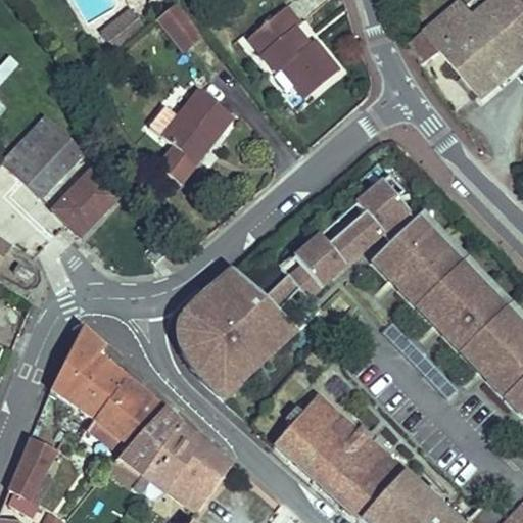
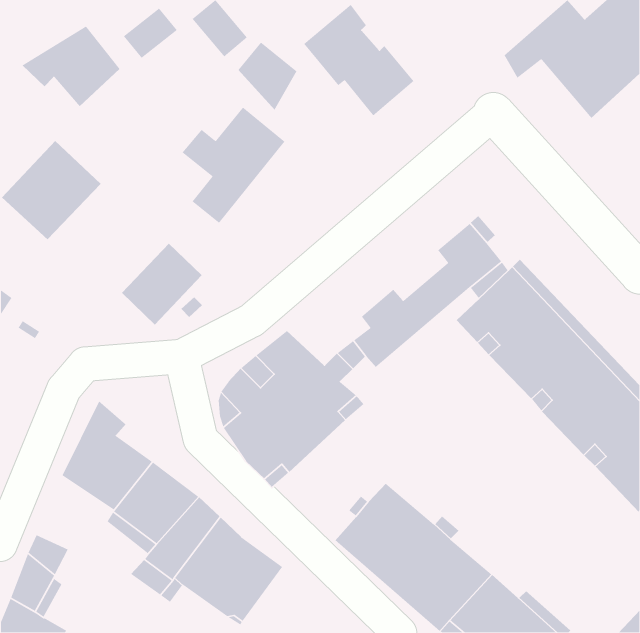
building: none -> [21,25,121,107]
building: none -> [238,41,298,111]
building: [52,167,118,234] -> [121,243,203,325]

